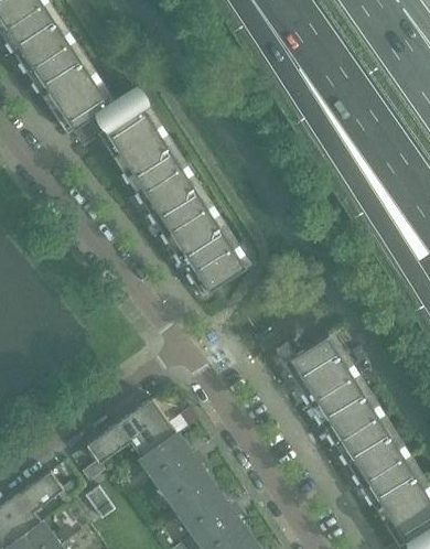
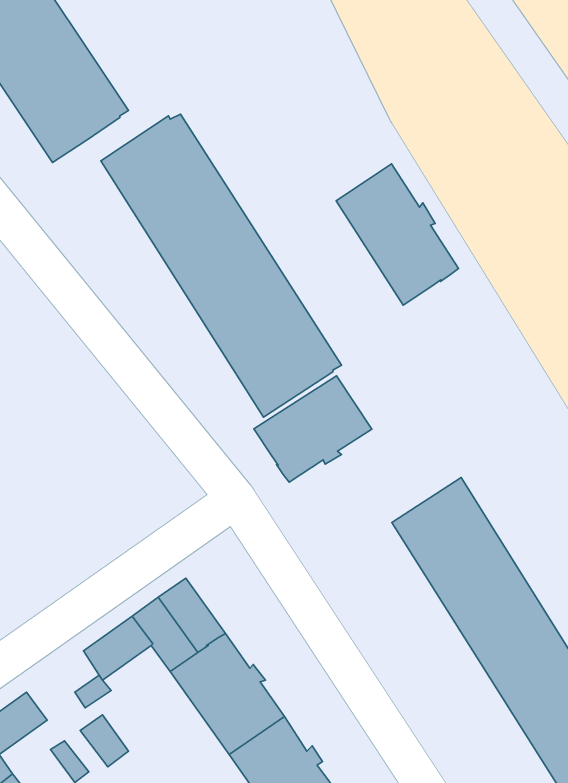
building: [89,85,149,132] -> none
building: none -> [336,164,459,305]
building: none -> [254,376,372,482]

